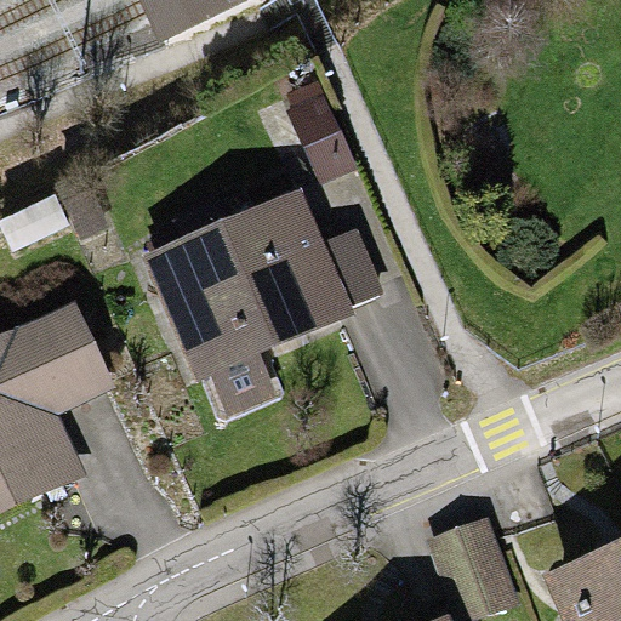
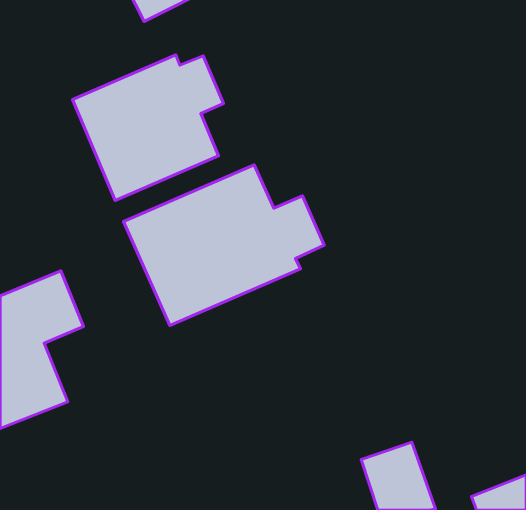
building: none -> [73,55,224,201]

